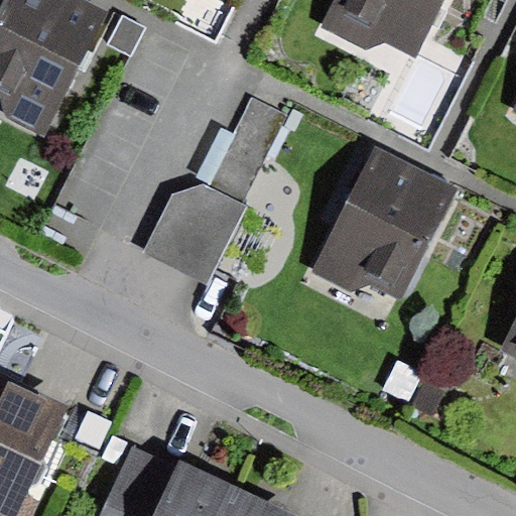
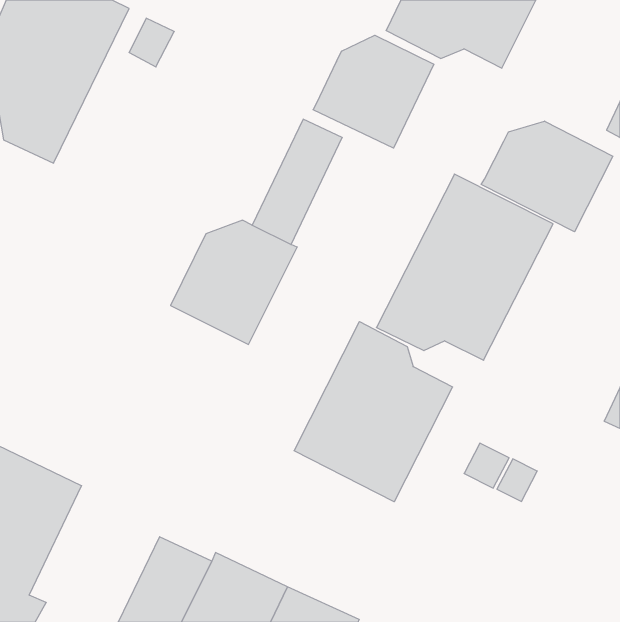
building: none -> [313,35,434,148]
building: none -> [481,121,613,232]
building: none -> [294,322,453,502]

